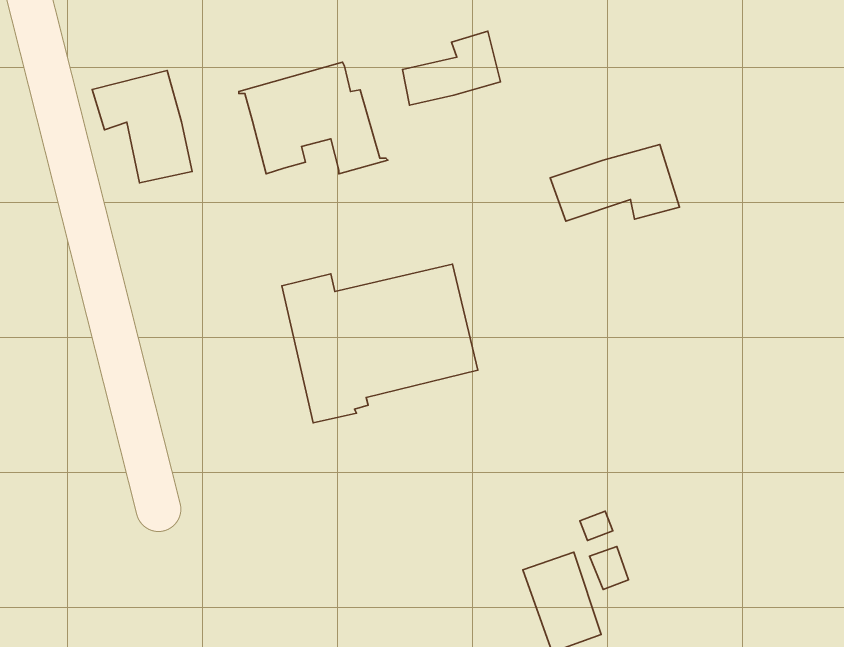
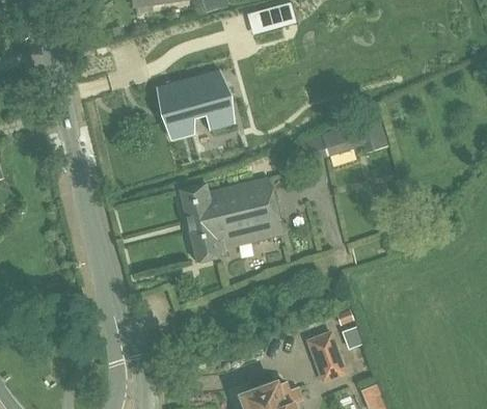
building: [402,31,500,105] -> none
building: [92,70,192,183] -> none

